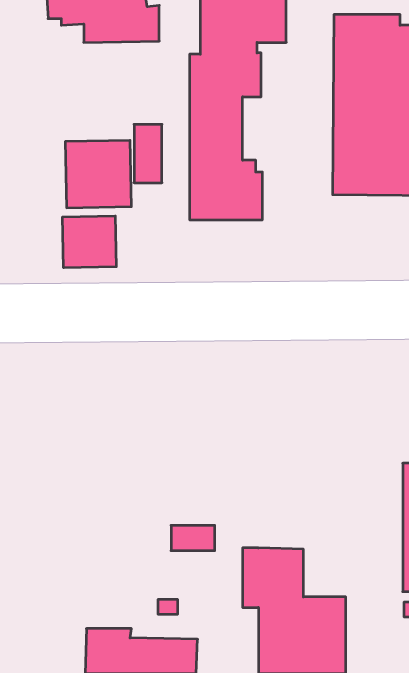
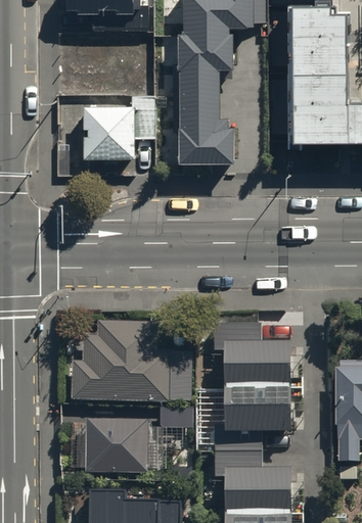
building: [63,216,116,268] -> none
building: none -> [72,319,194,399]
building: none -> [216,321,296,426]
building: none -> [87,416,148,470]

